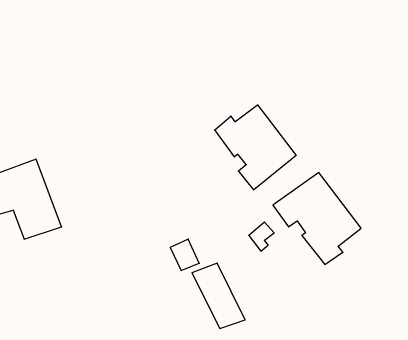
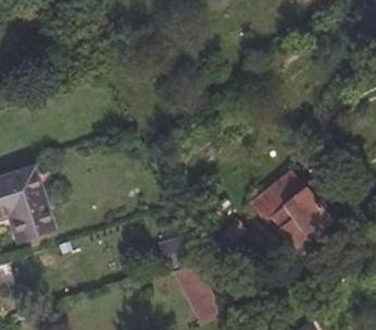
building: [215,105,296,190] -> none

